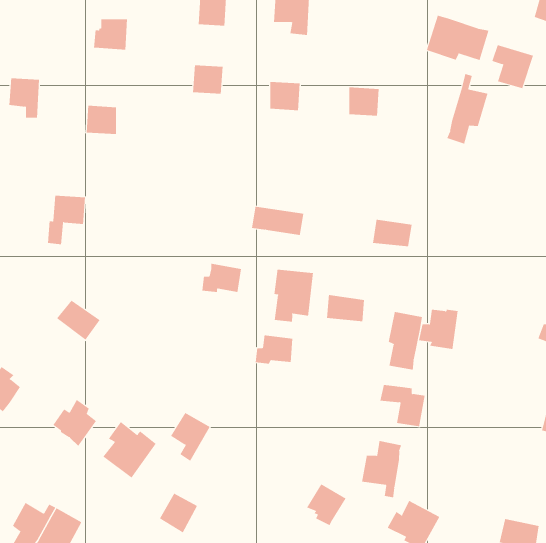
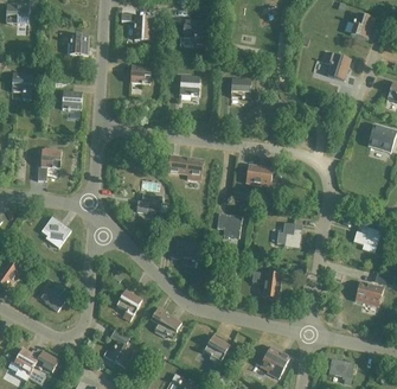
building: [426,15,489,61] -> none
building: [447,73,488,145] -> none
building: [274,269,314,322] -> none
building: [388,311,423,371] -> none
building: [103,421,156,479] -> none
building: none -> [151,306,180,337]
building: [362,440,402,498] -> none

